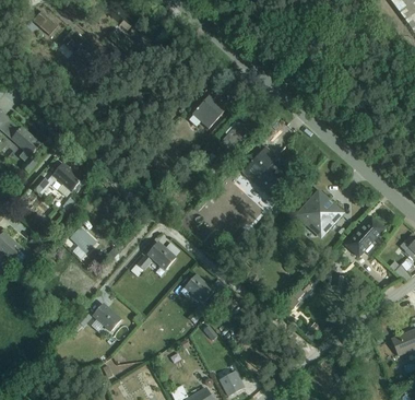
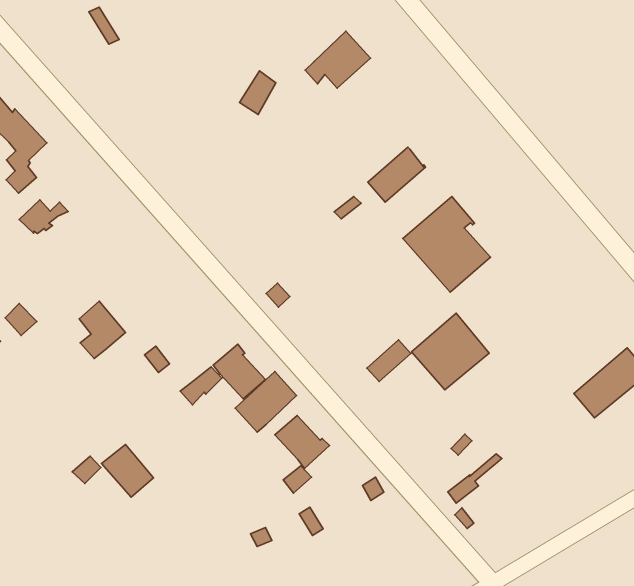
building: [189,96,224,128] -> [305,31,371,88]
building: [51,163,82,197] -> none
building: [297,193,340,236] -> [411,313,489,390]
building: none -> [235,372,297,432]

